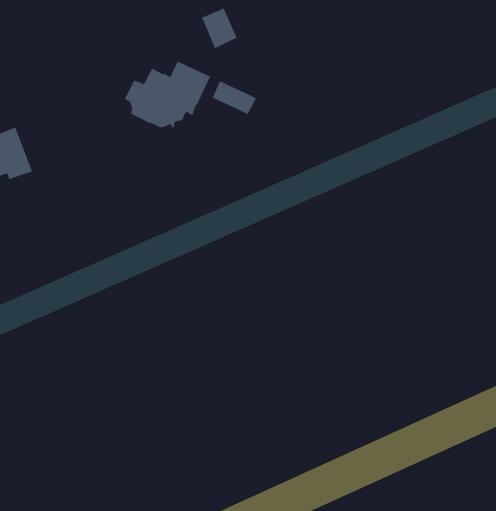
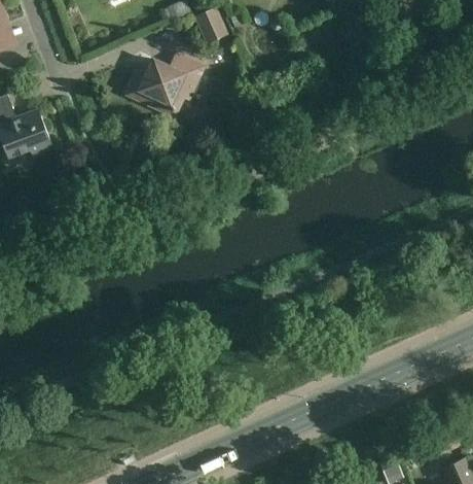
building: [212,81,257,115] -> none

